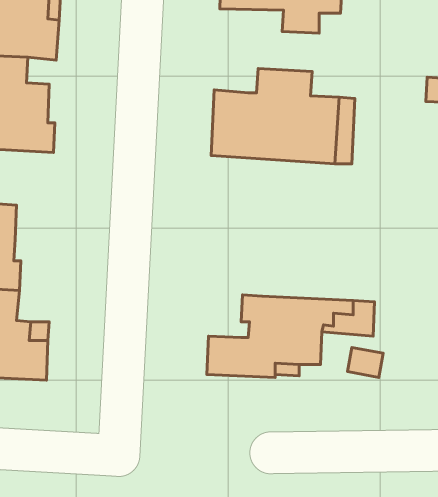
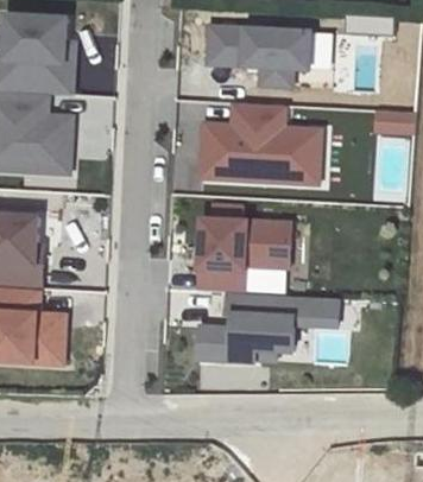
building: none -> [194,220,289,294]

